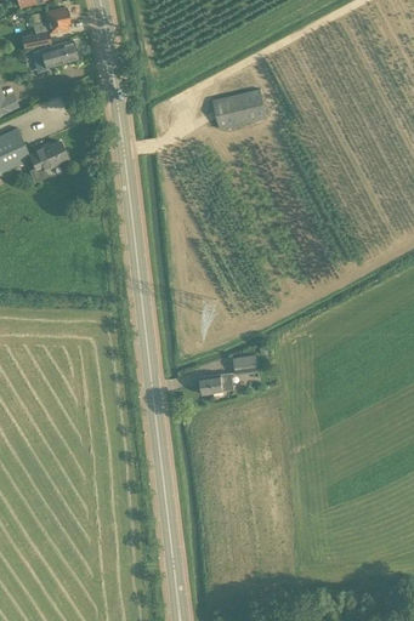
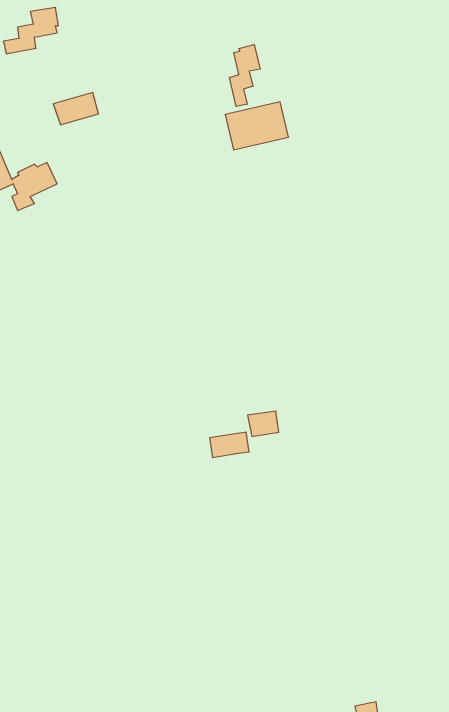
building: none -> [230,44,260,106]
building: [39,40,78,68] -> [53,93,98,125]

